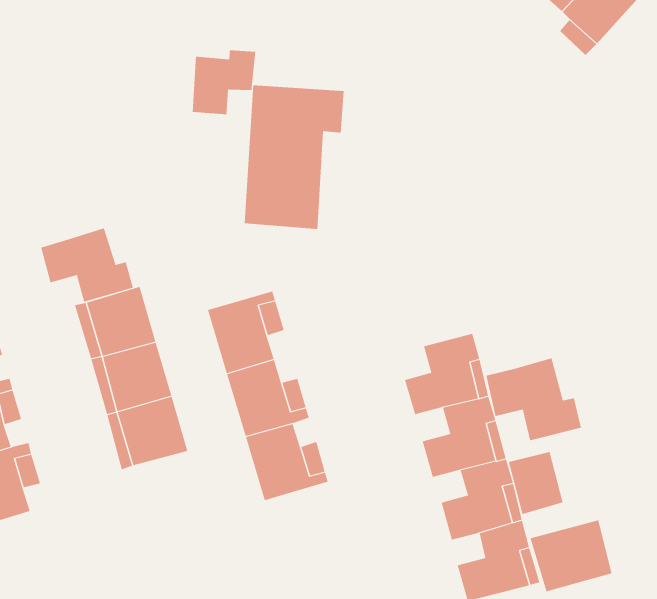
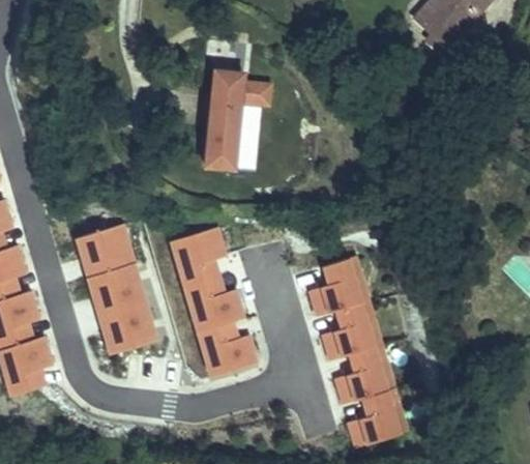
building: [192,50,256,115] -> none
building: [41,228,134,303] -> none
building: [486,358,581,441] -> none
building: [508,451,563,515] -> none
building: [530,520,612,592] -> none

